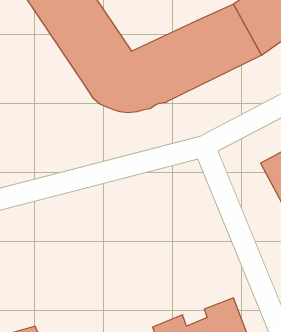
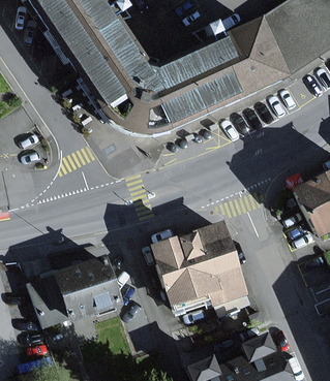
building: none -> [160,222,247,312]
building: none -> [31,256,125,335]

